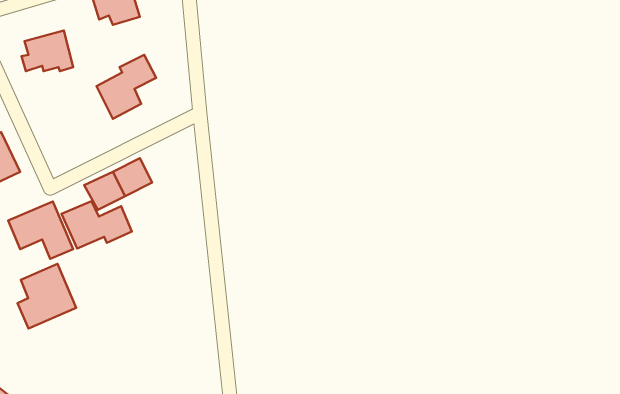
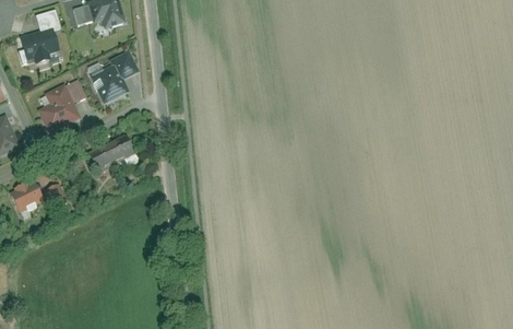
building: none -> [33,82,80,132]
building: [61,201,132,249] -> none
building: [17,264,76,329] -> none

